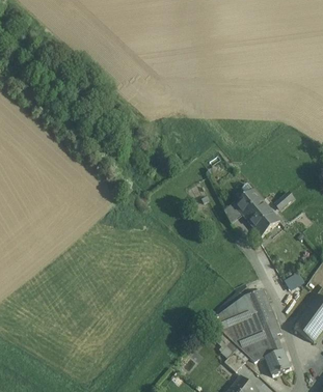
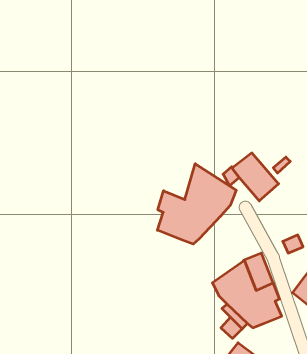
building: none -> [157,164,236,244]
building: [265,348,291,374] -> none

